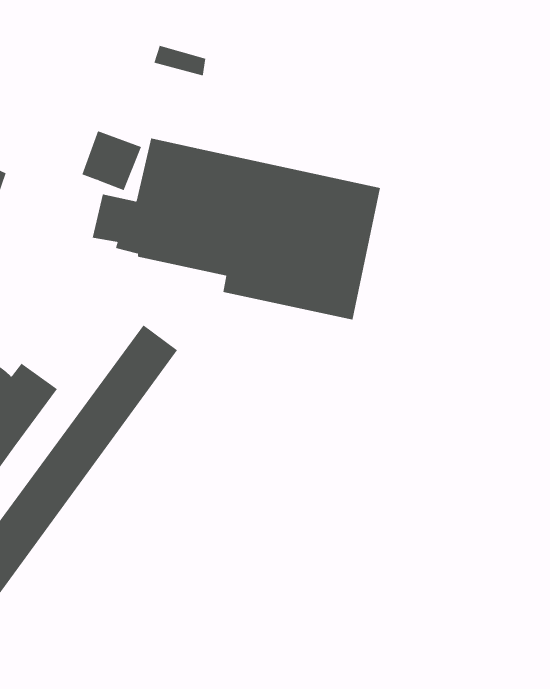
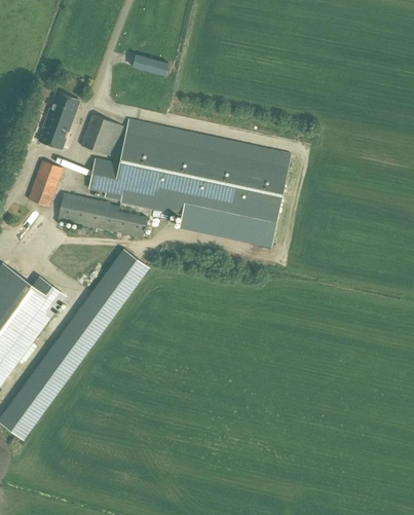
building: none -> [38,91,80,148]
building: none -> [29,159,63,206]
building: none -> [59,194,148,236]

